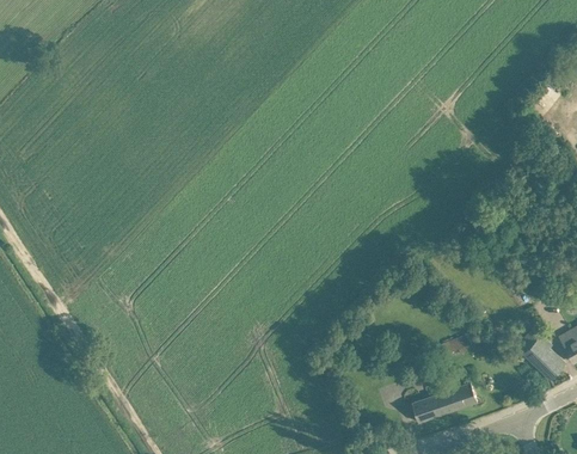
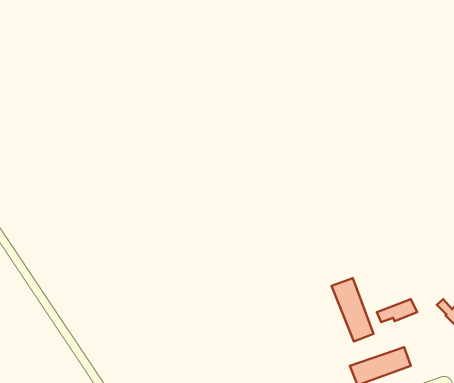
building: none -> [331,278,373,341]

